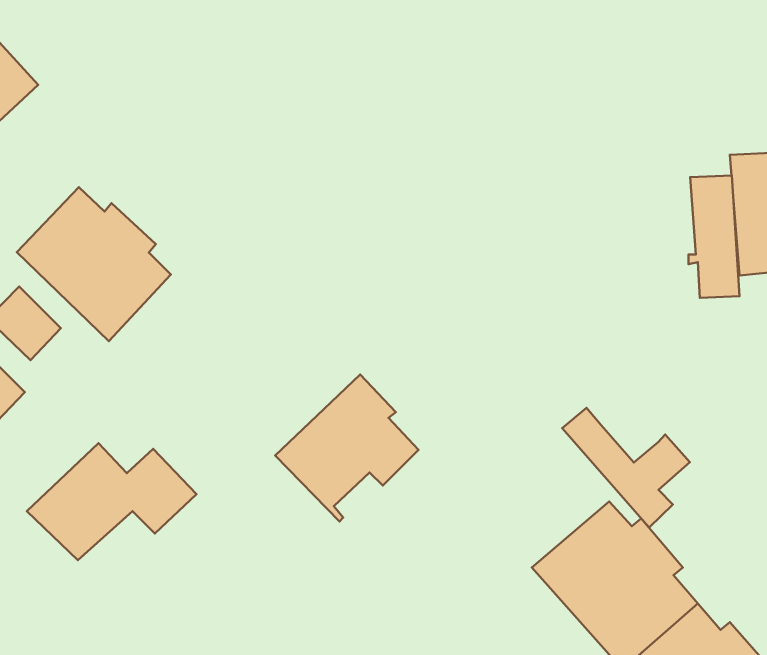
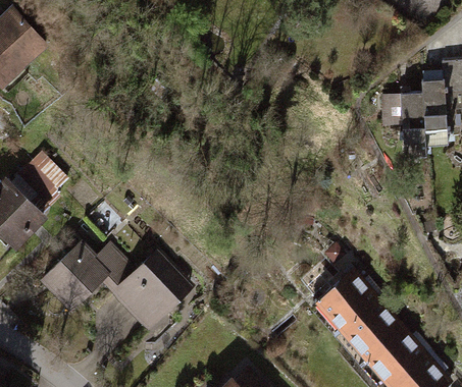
building: [17,187,171,341] -> none
building: [275,374,419,521] -> [110,245,188,325]
building: [562,408,690,527] -> none

